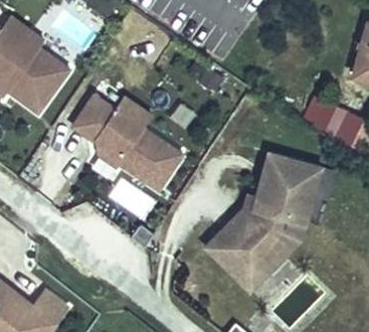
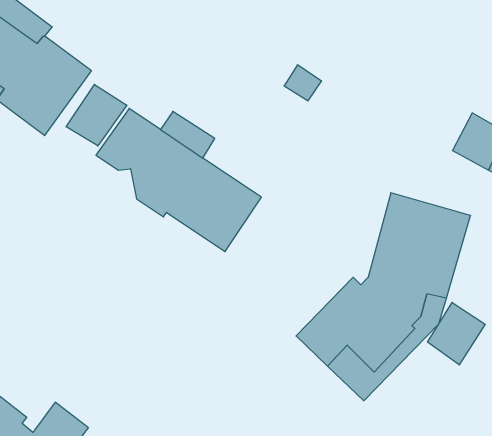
building: none -> [66,84,127,146]
building: none -> [428,302,485,365]

